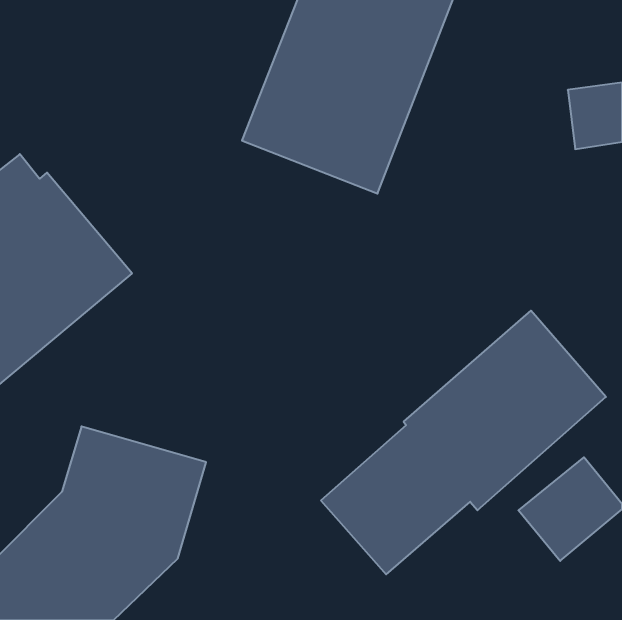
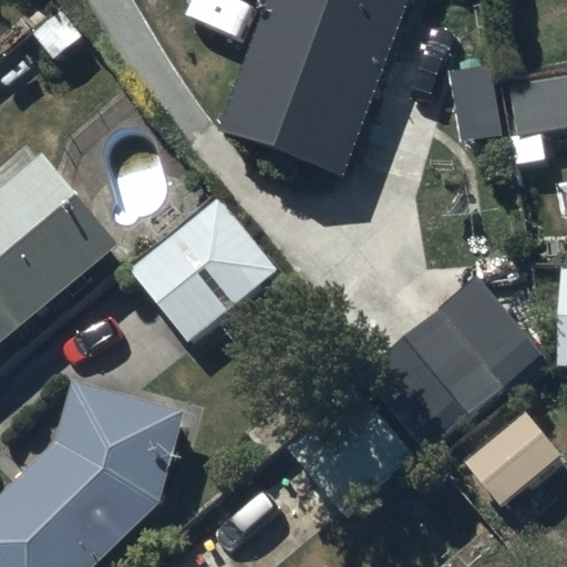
building: none -> [130,195,277,339]

